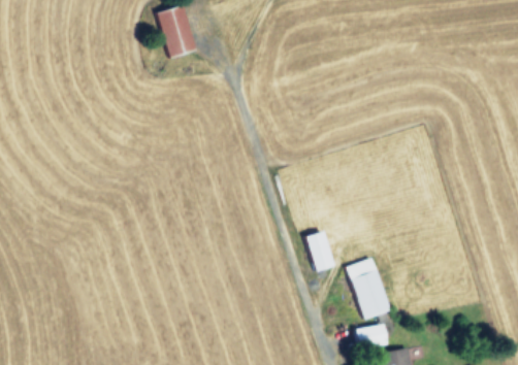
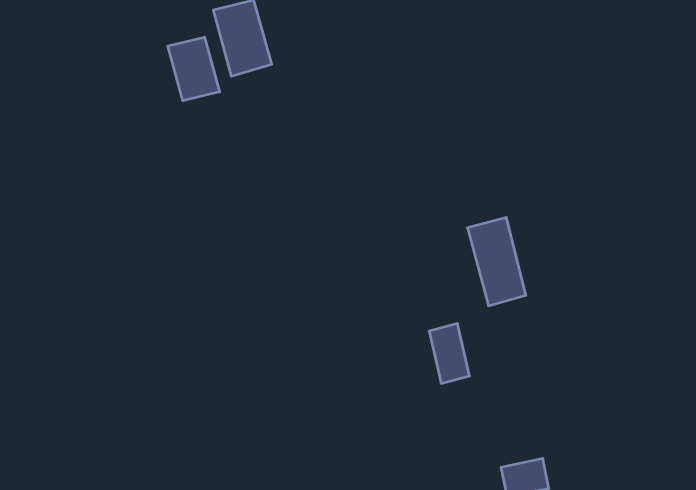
building: none -> [168,37,220,101]
building: [349,258,389,319] -> [467,217,526,306]

